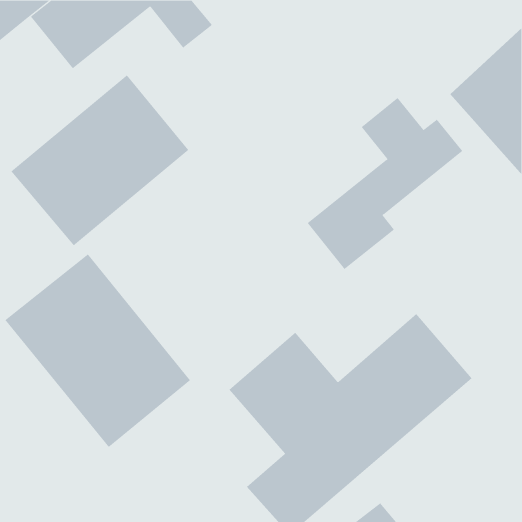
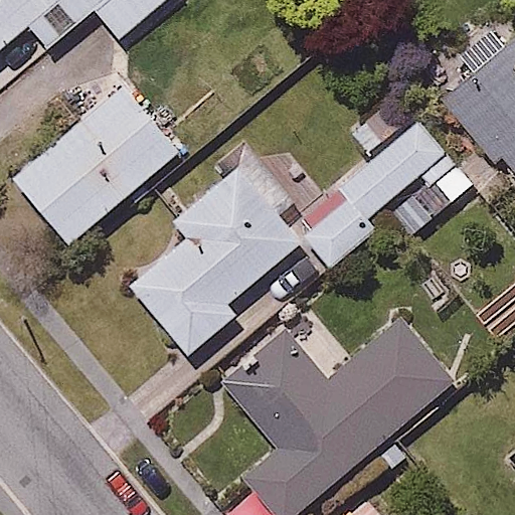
building: none -> [129,162,300,360]
building: [5,254,191,448] -> none

